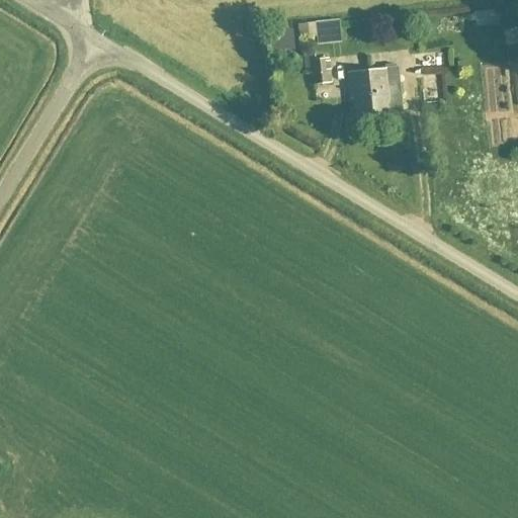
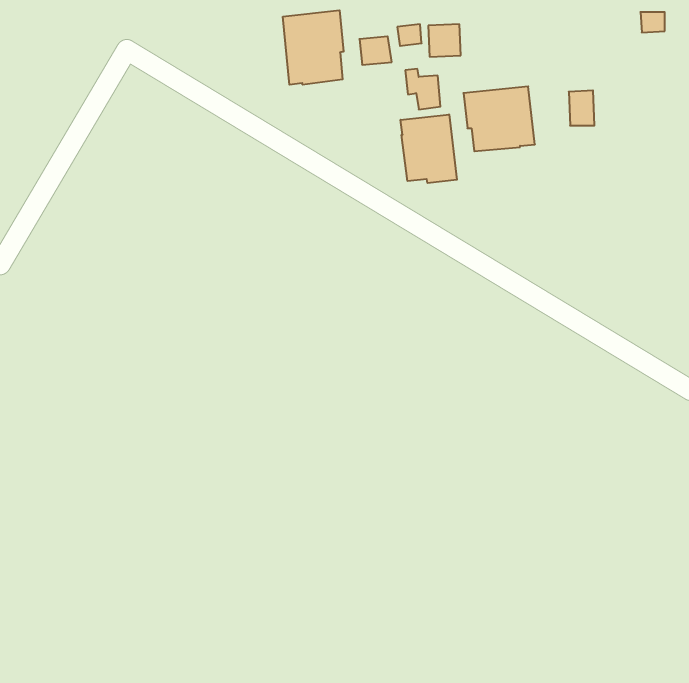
building: none -> [283,10,344,85]
building: none -> [401,114,457,183]

